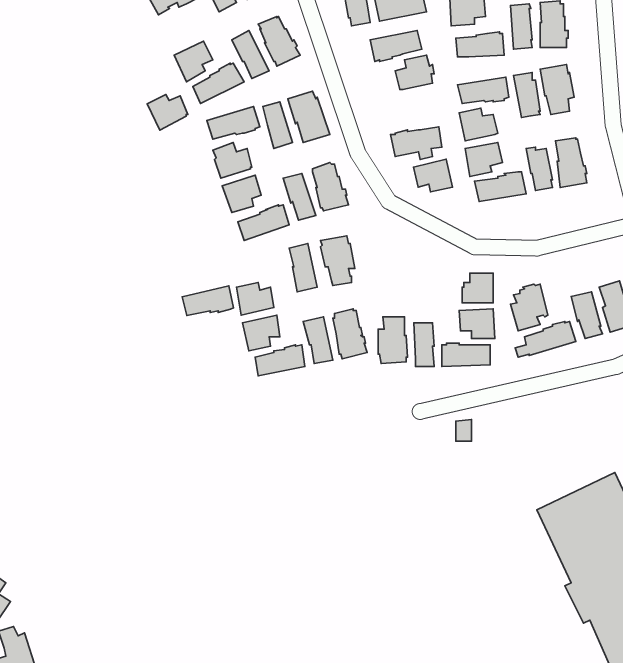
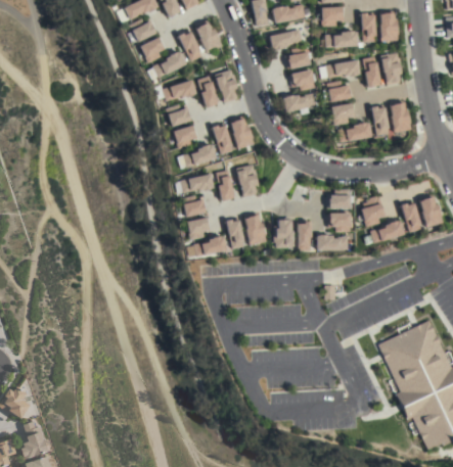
building: [147,94,188,130] -> [130,18,156,42]
building: [413,159,452,192] -> [289,69,315,91]
building: [182,286,234,315] -> [179,174,213,193]

